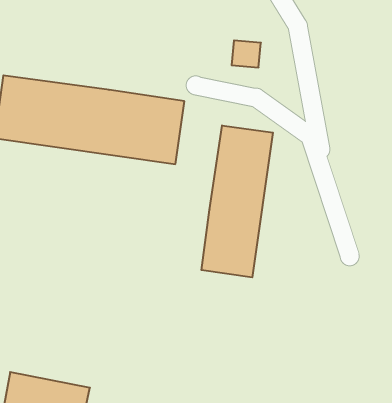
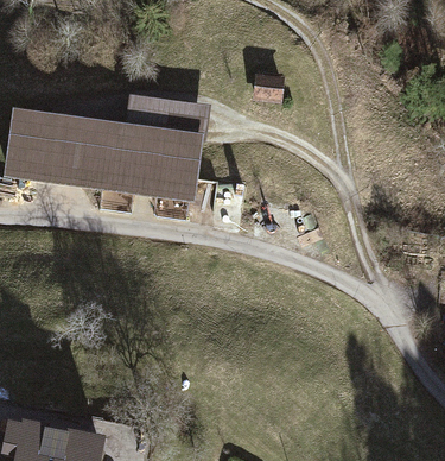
building: none -> [123,93,208,135]
building: [201,125,273,277] -> none

